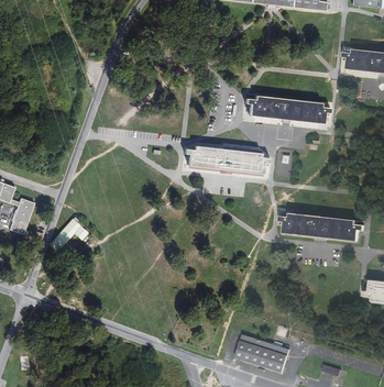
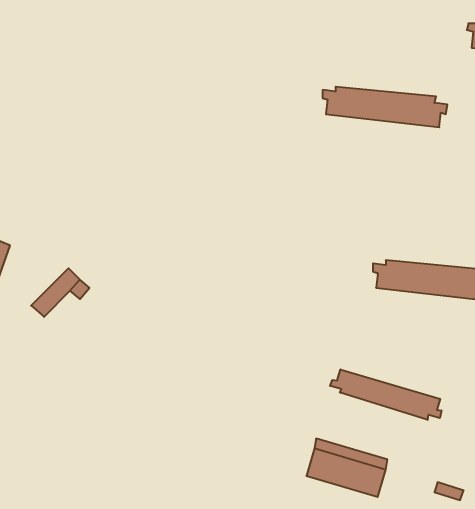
building: [185,146,270,174] -> none
building: none -> [330,369,441,420]

